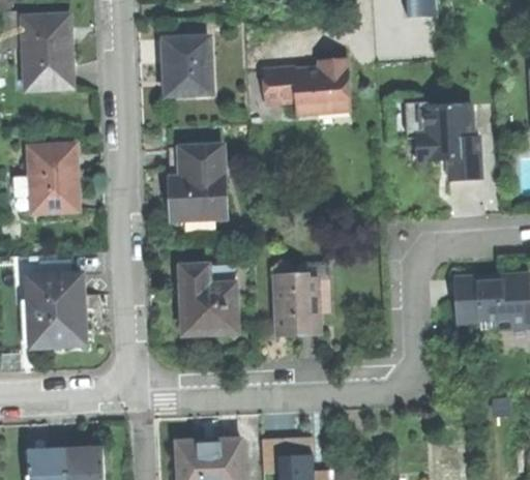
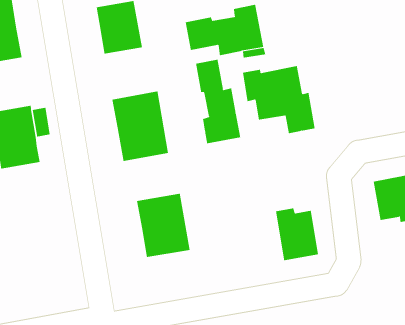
building: [406,102,481,180] -> [242,65,316,134]
building: none -> [195,59,241,144]
building: [27,272,84,344] -> none
building: [274,274,318,333] -> [275,208,319,261]

